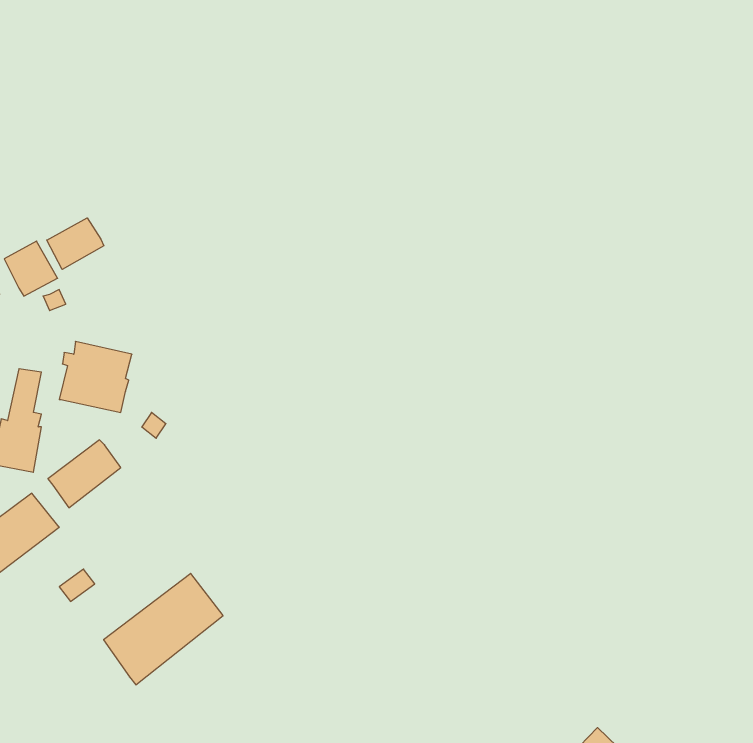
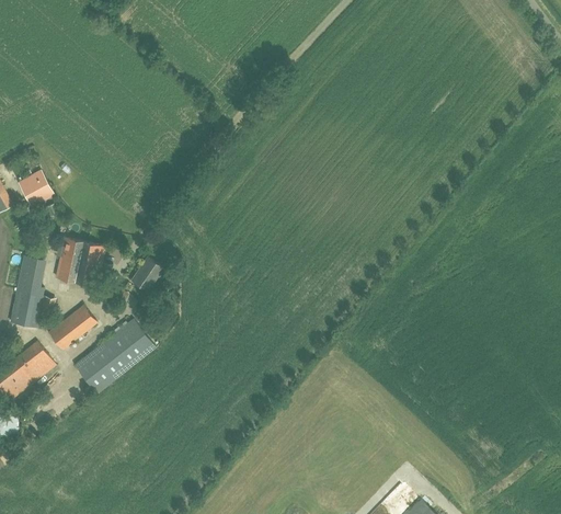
building: [47,218,104,269] -> none
building: none -> [131,258,162,290]
building: [104,573,223,685] -> [73,319,154,395]

